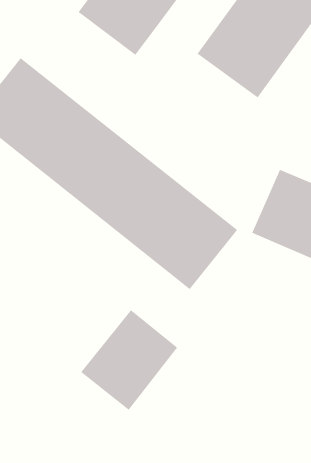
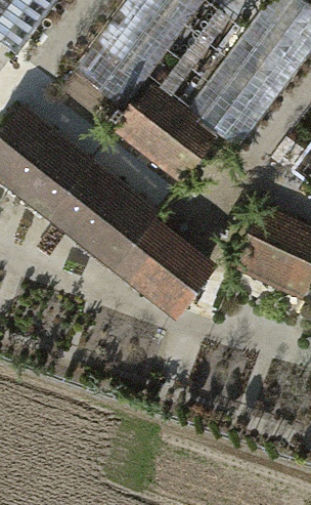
building: none -> [117,91,215,183]
building: [80,309,178,411] -> none

